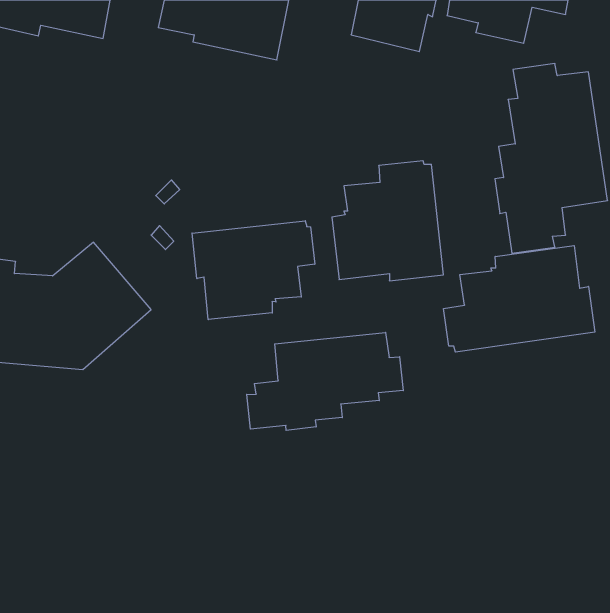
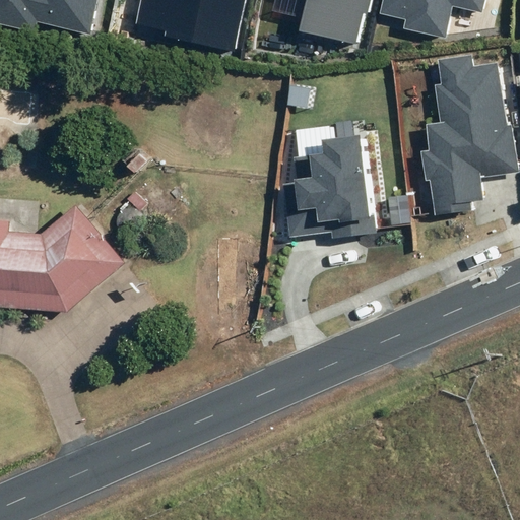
building: [192,221,315,320] -> none
building: [444,246,595,352] -> none
building: [247,332,403,430] -> none

